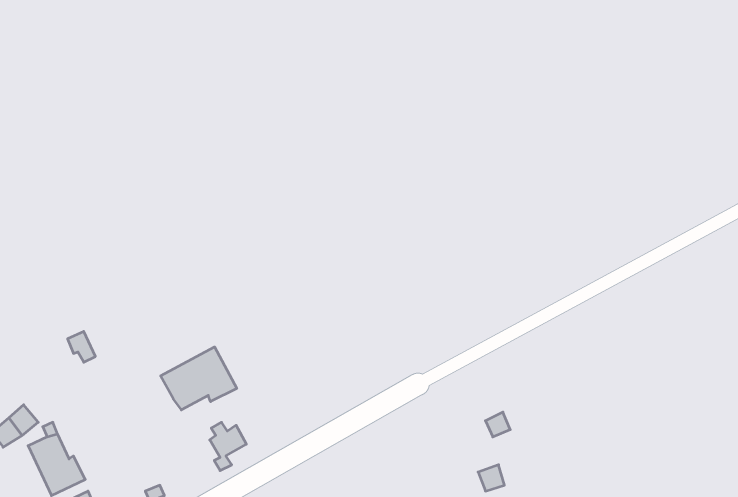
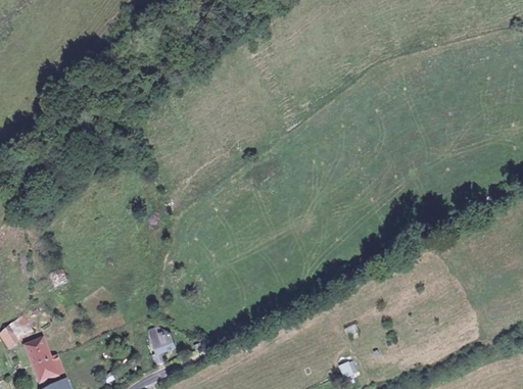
building: [161,347,237,410] -> none

